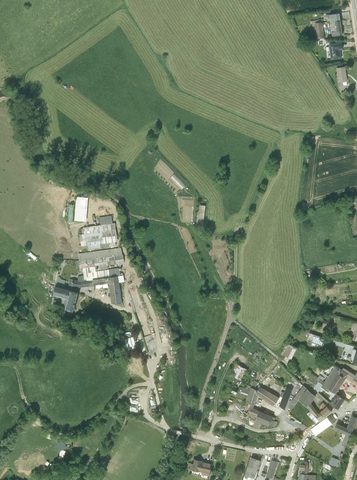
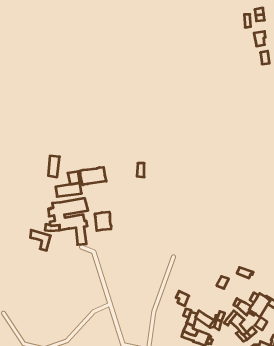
building: none -> [80,167,106,185]
building: none -> [95,212,111,231]

